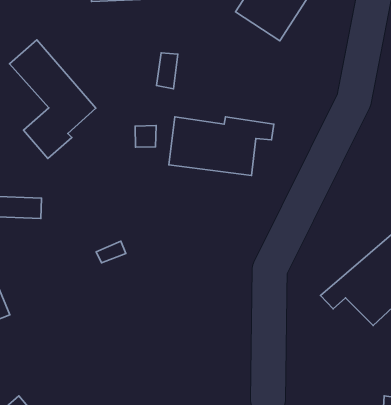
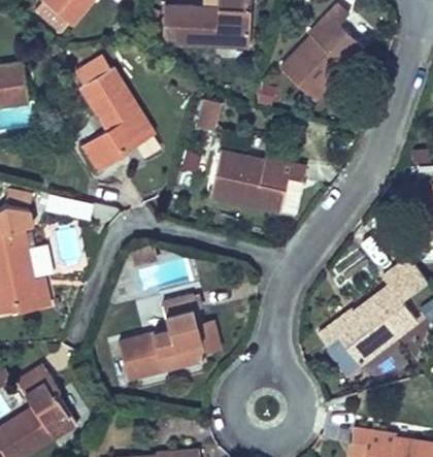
building: none -> [121,298,207,384]

